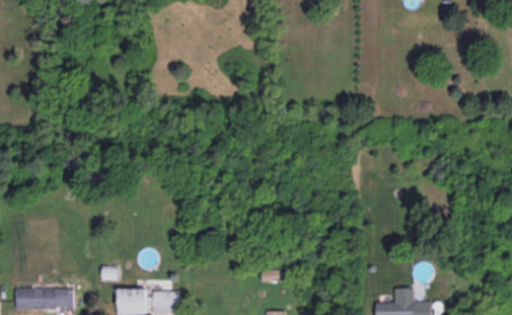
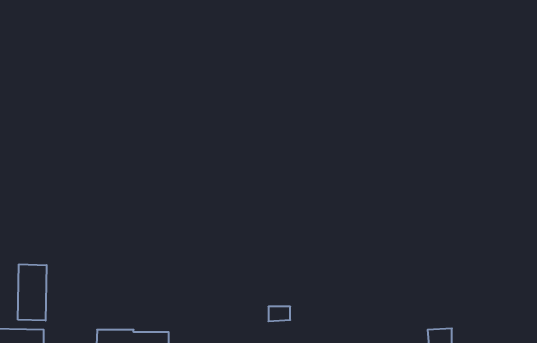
building: none -> [18,264,47,321]

